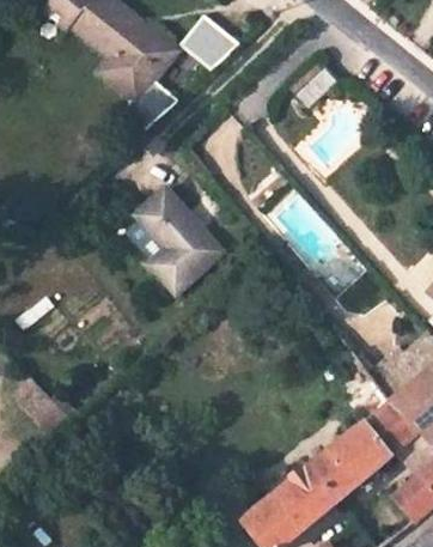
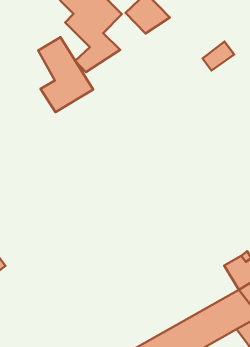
building: [138,184,220,287] -> [38,37,93,112]

